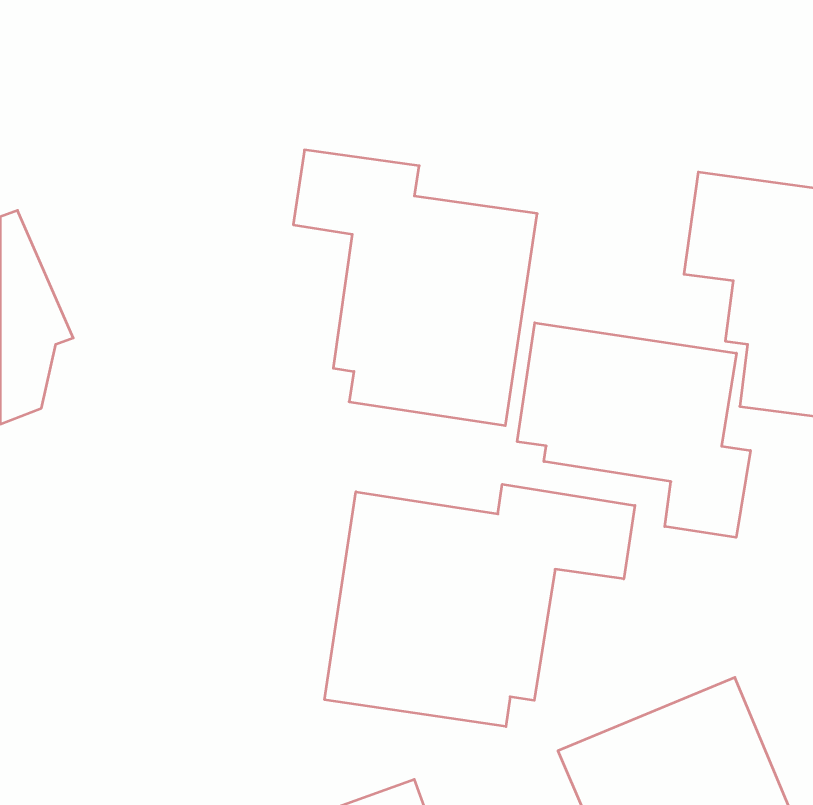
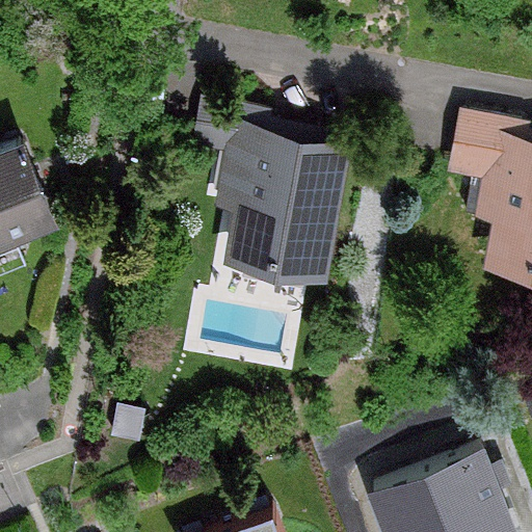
building: [517,323,750,537] -> none
building: [325,484,635,727] -> none

